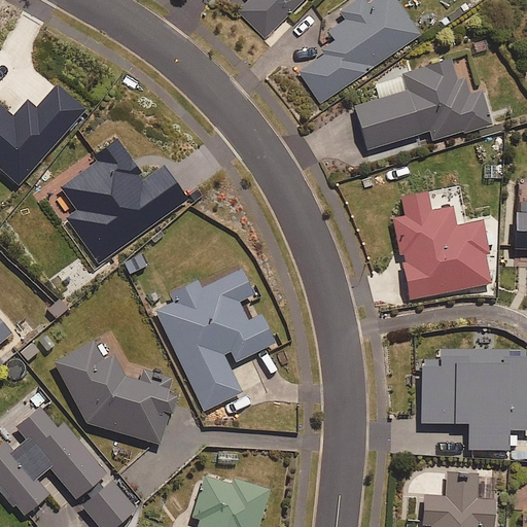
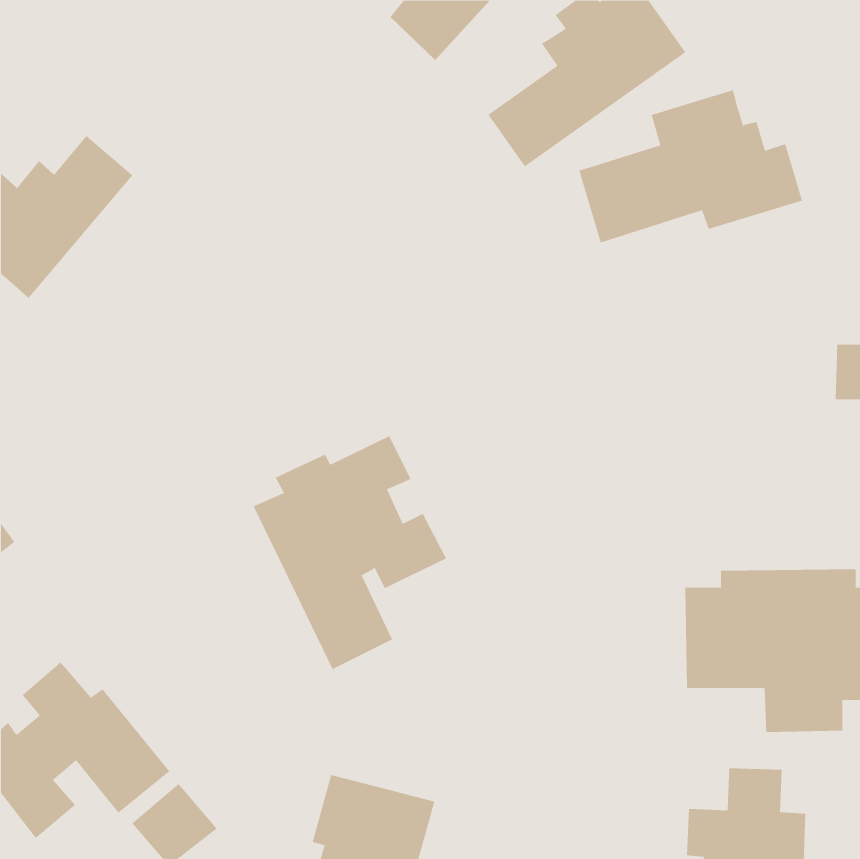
building: [61,138,185,265] -> none
building: [392,190,490,298] -> none
building: [56,341,175,445] -> none

